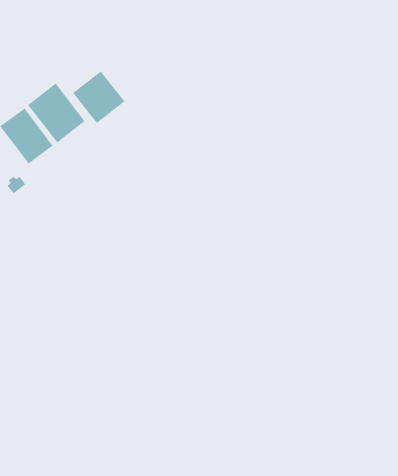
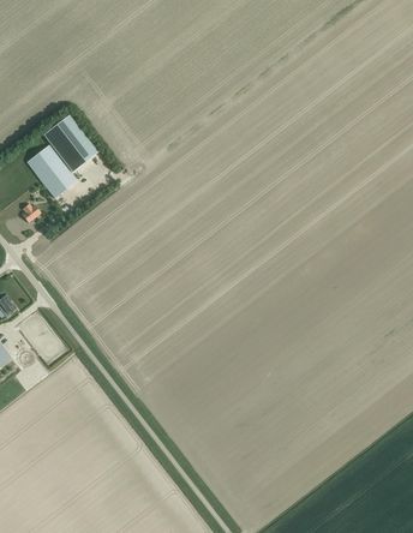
building: [72,70,126,124] -> none

